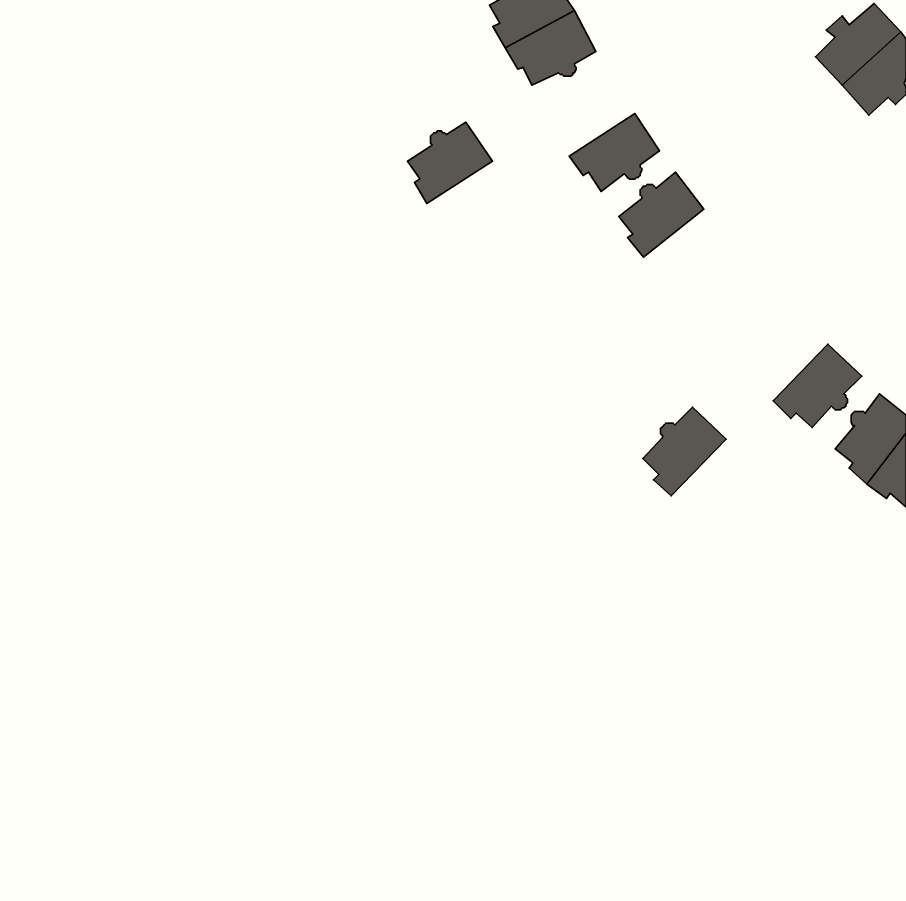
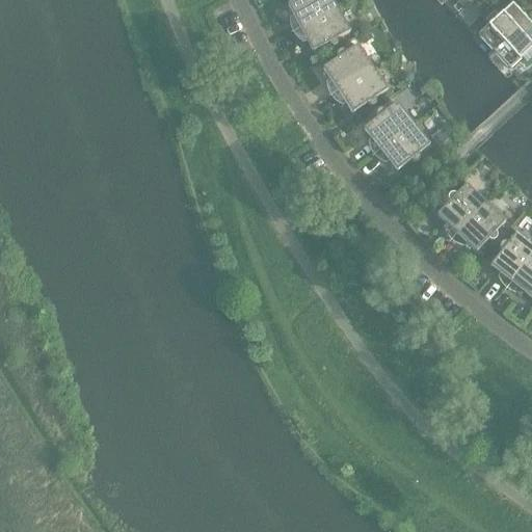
building: [407,122,492,204] -> [322,44,372,91]
building: none -> [377,123,429,169]
building: [643,407,726,496] -> [436,183,485,235]

